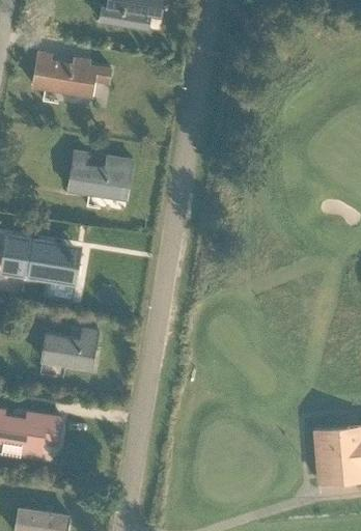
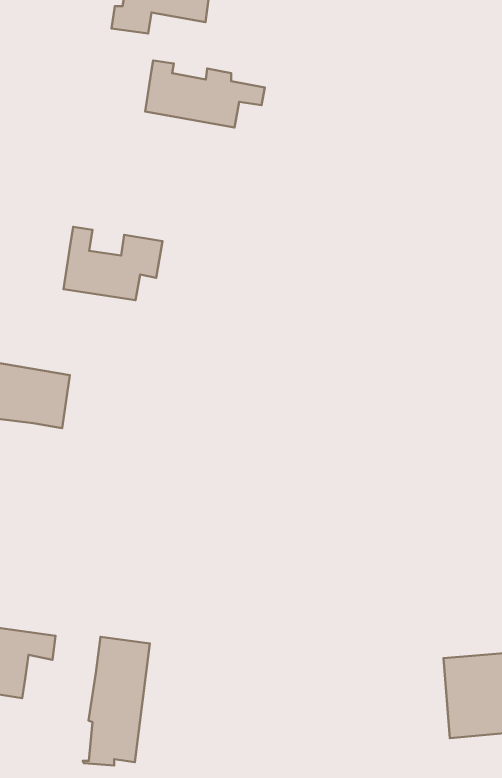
building: [33,53,111,96] -> [145,60,265,128]
building: [41,329,99,369] -> none
building: none -> [83,637,150,765]

